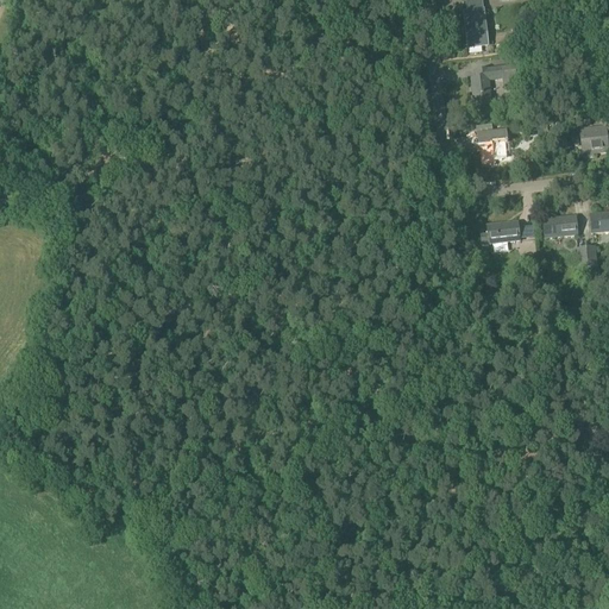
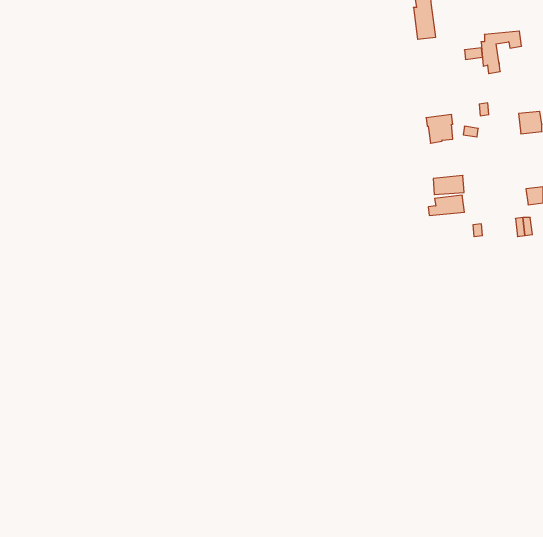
building: [471,63,516,111] -> [481,31,522,74]
building: [542,213,577,234] -> [433,175,464,195]

